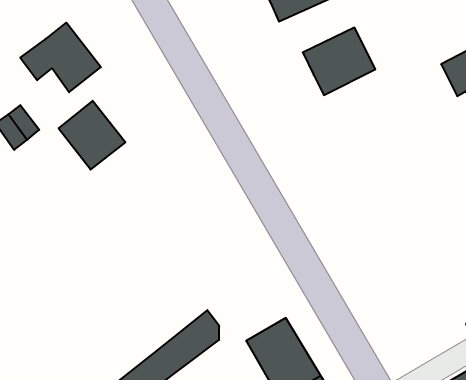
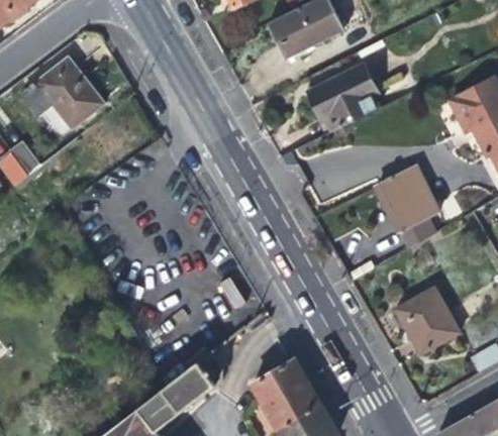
building: [59,101,125,170] -> none
building: none -> [371,160,445,233]
building: none -> [394,286,458,353]

